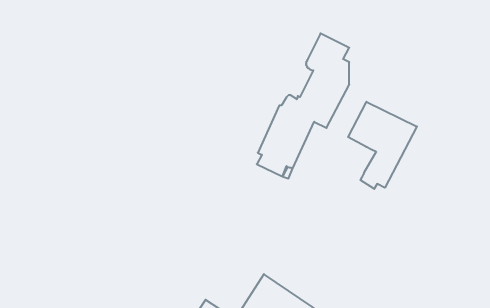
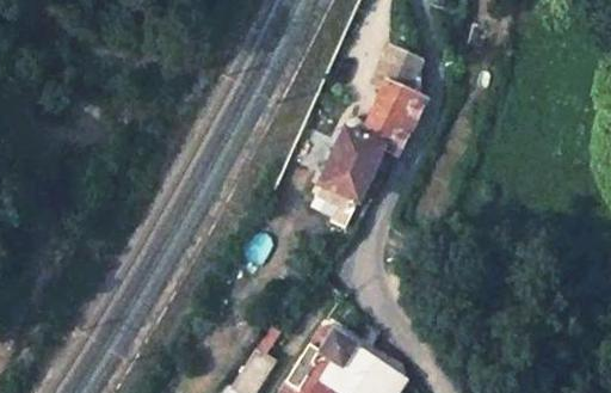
building: [348,102,417,189] -> none

